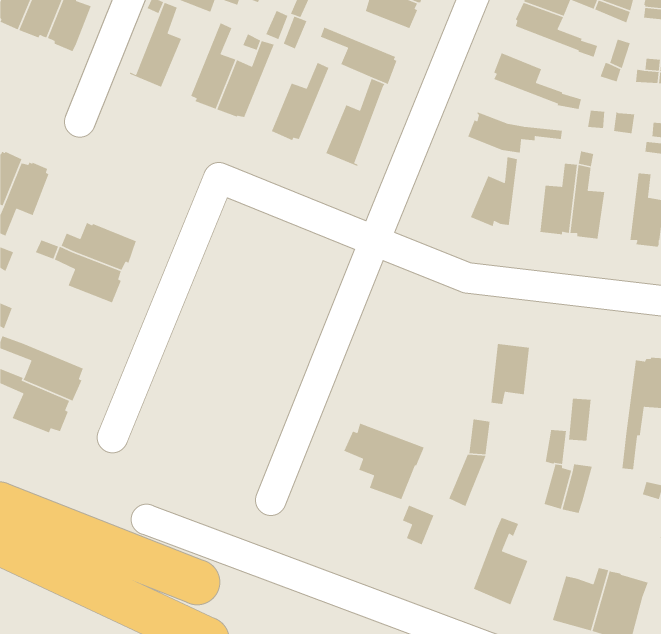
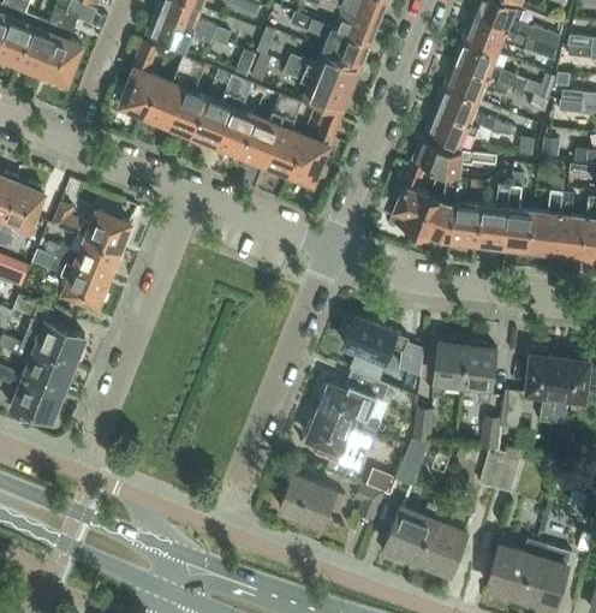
building: none -> [286,49,362,90]
building: none -> [143,55,195,125]
building: none -> [442,64,509,101]
building: none -> [216,79,257,156]
building: none -> [264,100,305,175]
building: none -> [424,111,491,147]
building: none -> [392,166,430,232]
building: none -> [449,180,481,245]
building: none -> [528,190,562,254]
building: none -> [53,202,133,252]
building: none -> [13,296,85,365]
building: none -> [344,316,423,376]
building: none -> [463,346,496,403]
building: none -> [526,349,560,422]
building: none -> [317,373,389,434]
building: none -> [279,475,344,525]
building: none -> [383,502,437,559]

